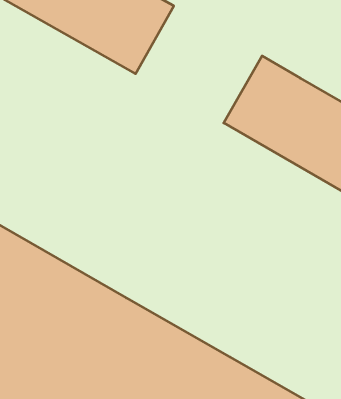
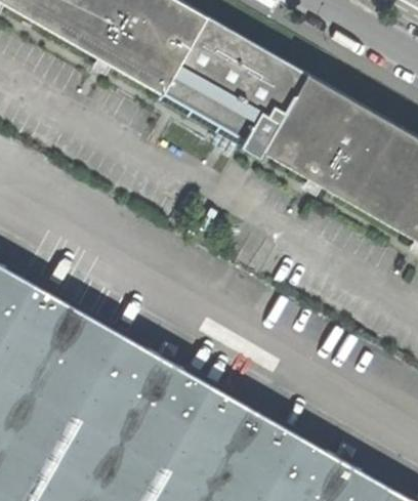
building: none -> [156,14,304,157]

